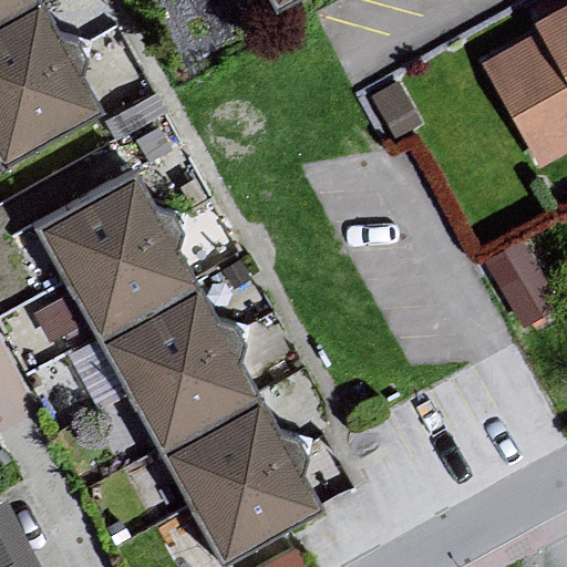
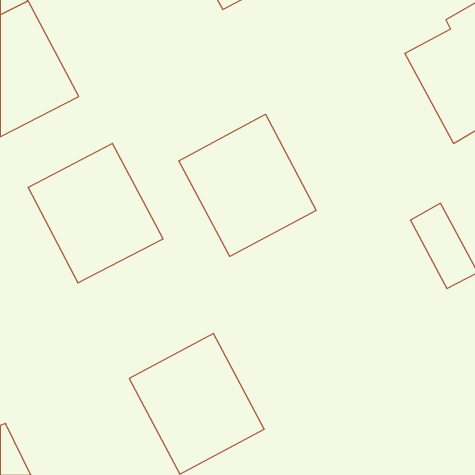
building: none -> [179,114,316,256]
building: [96,282,257,447] -> none

